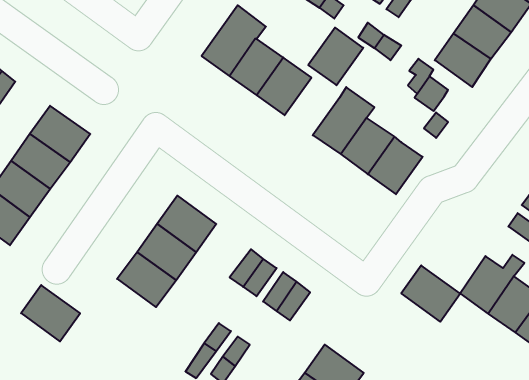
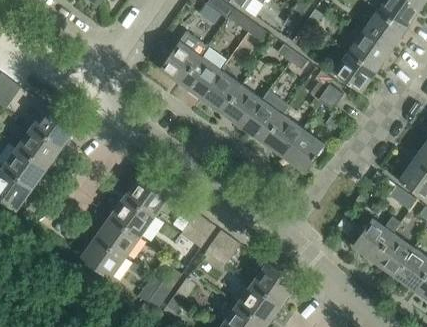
building: [308,28,363,85] -> [221,85,262,128]
building: [401,265,460,322] -> [251,263,295,305]
building: [21,285,80,341] -> [81,235,125,277]

